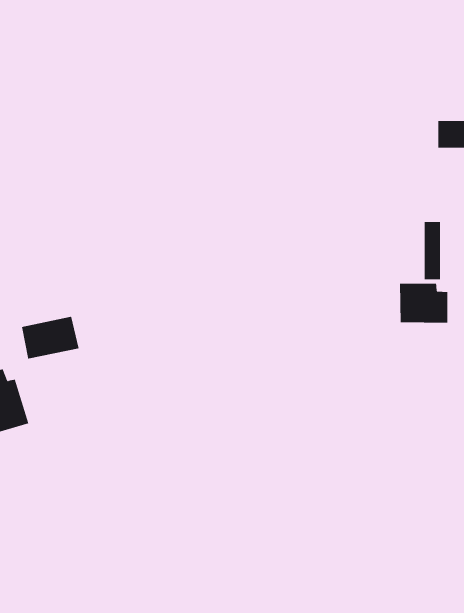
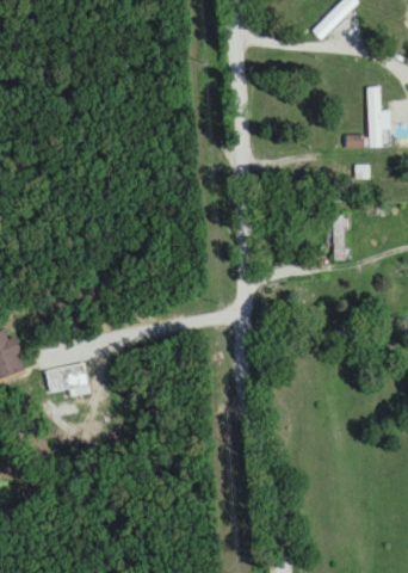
building: [400,283,448,323] -> none
building: [21,316,79,359] -> [45,362,91,395]

